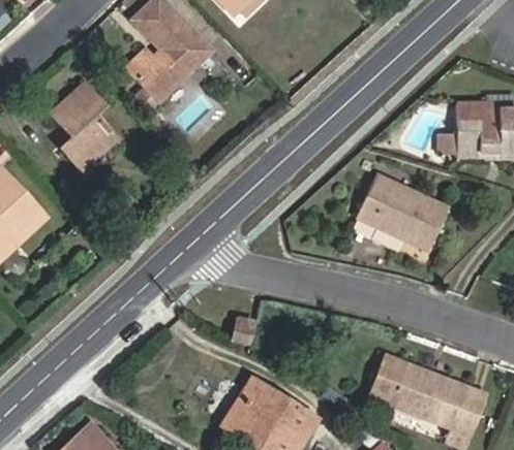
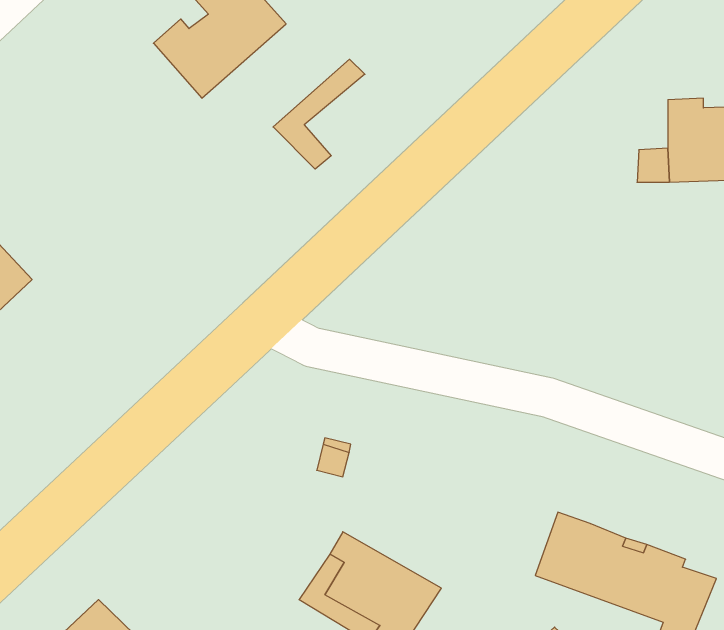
building: none -> [273,59,365,169]
building: [49,81,120,172] -> none
building: [356,174,449,248] -> none

